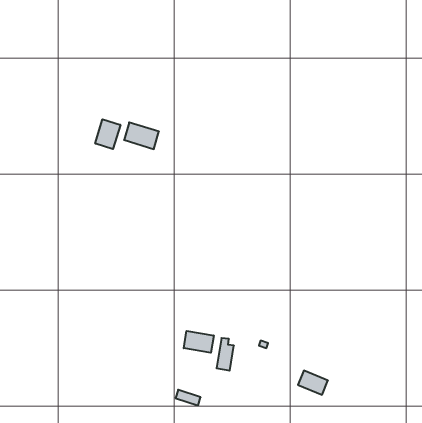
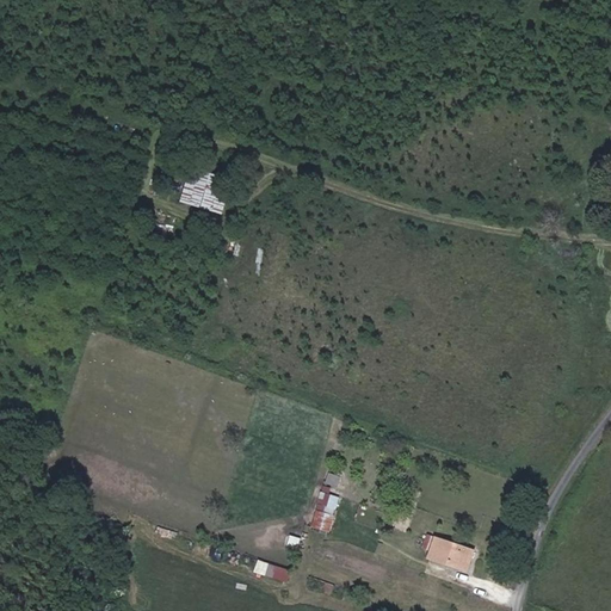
building: [95,119,120,149] -> none
building: [184,331,214,353] -> none

